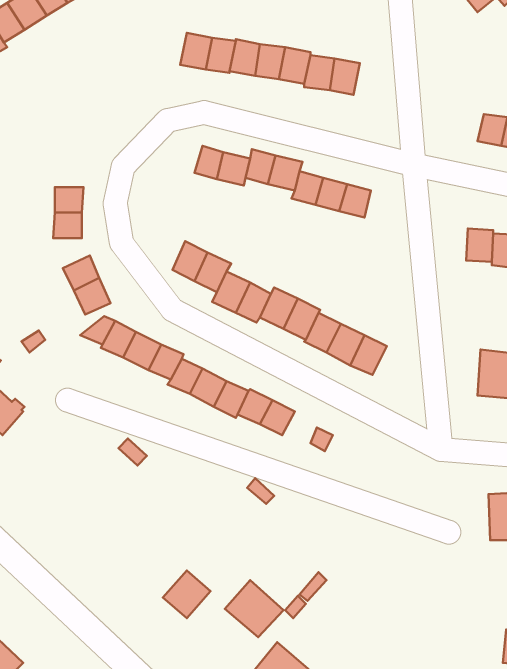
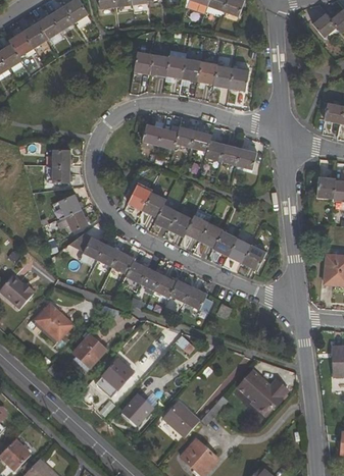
building: none -> [35,306,71,341]
building: none -> [72,335,104,369]
building: none -> [102,360,132,390]
building: none -> [237,372,287,417]

